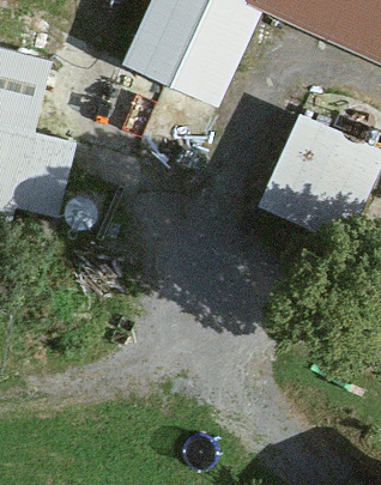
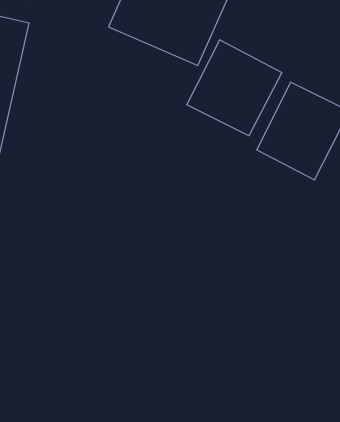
building: none -> [187,40,282,136]

